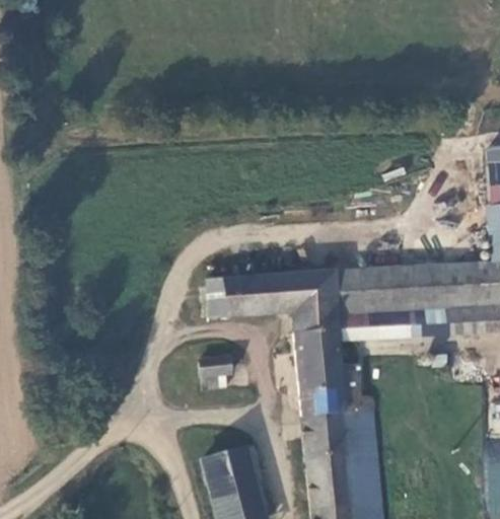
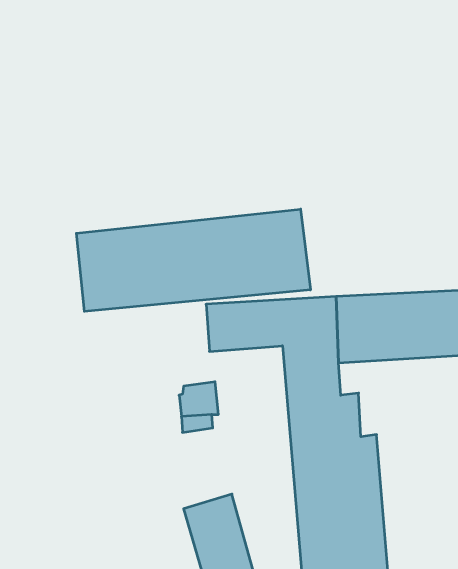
building: none -> [76,209,310,311]

